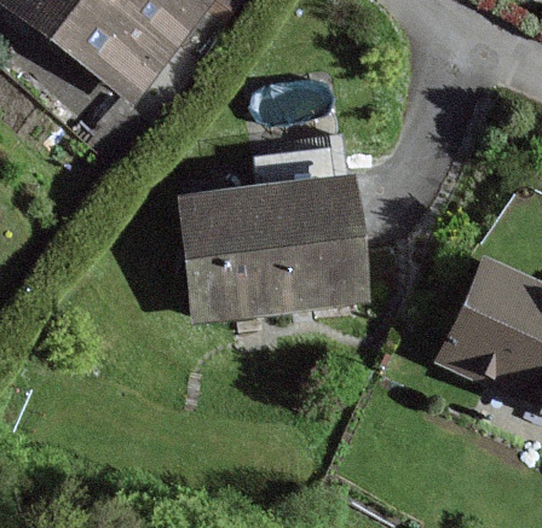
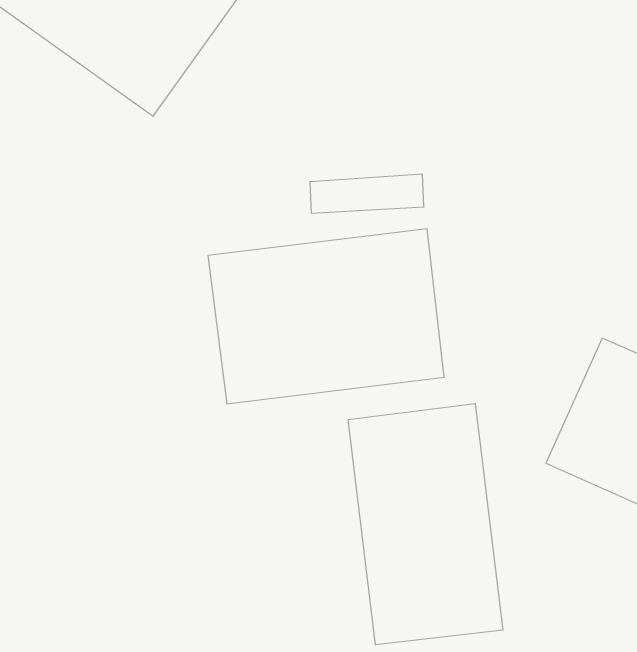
building: none -> [348,403,503,645]

